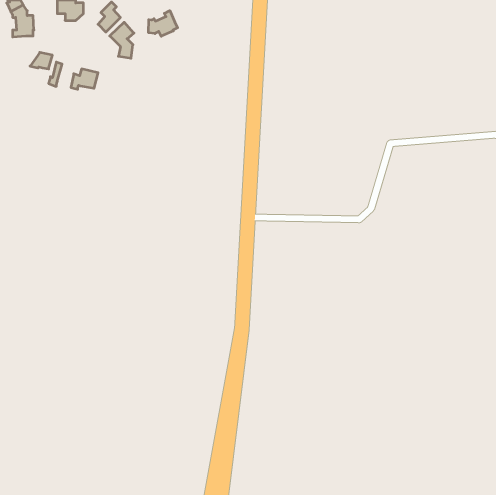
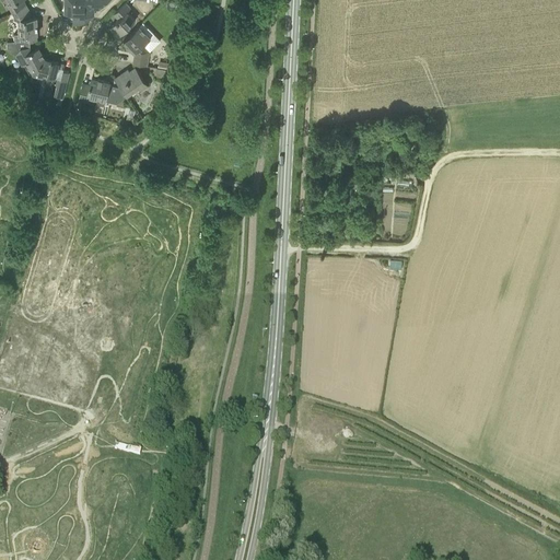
building: [149,11,178,36] -> none
building: none -> [7,42,45,75]
building: none -> [115,69,149,96]

